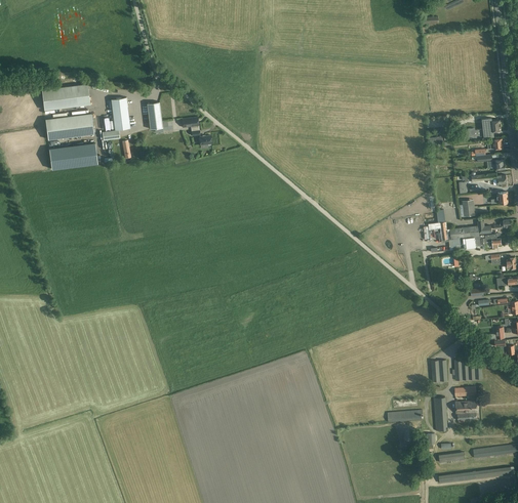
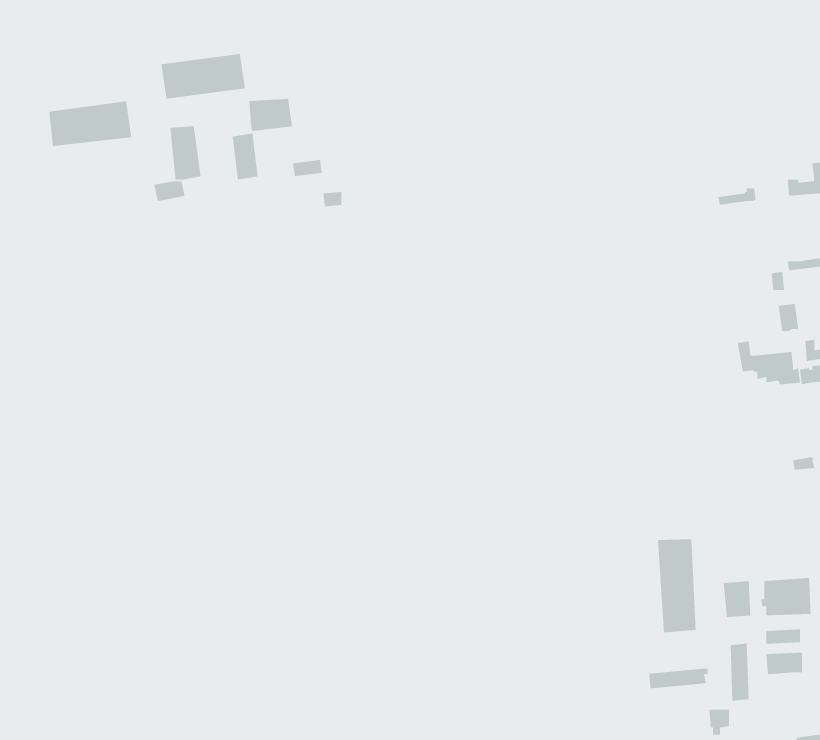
building: none -> [248,98,293,132]
building: [44,114,93,140] -> [160,53,246,99]
building: [48,143,96,170] -> none
building: none -> [657,538,696,633]

